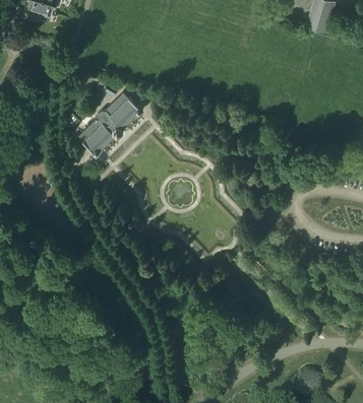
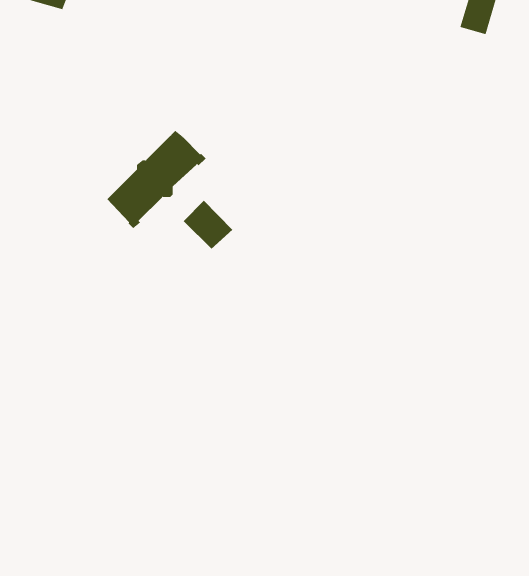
building: none -> [183,200,233,249]

